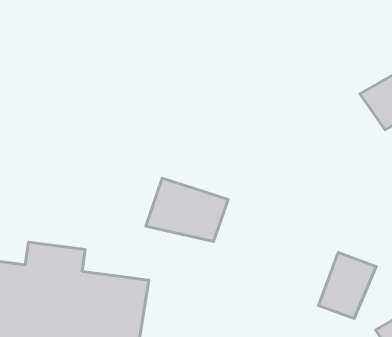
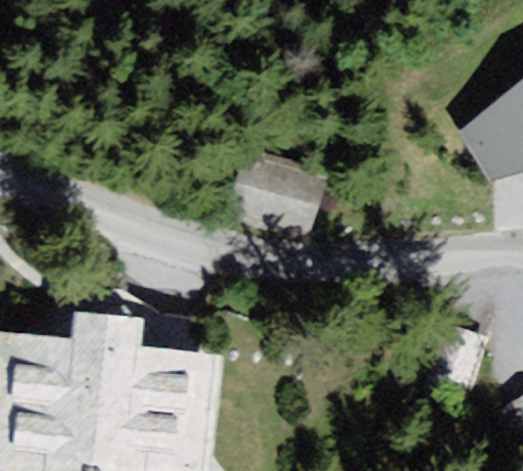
building: [146,178,228,242] -> [231,153,334,233]

